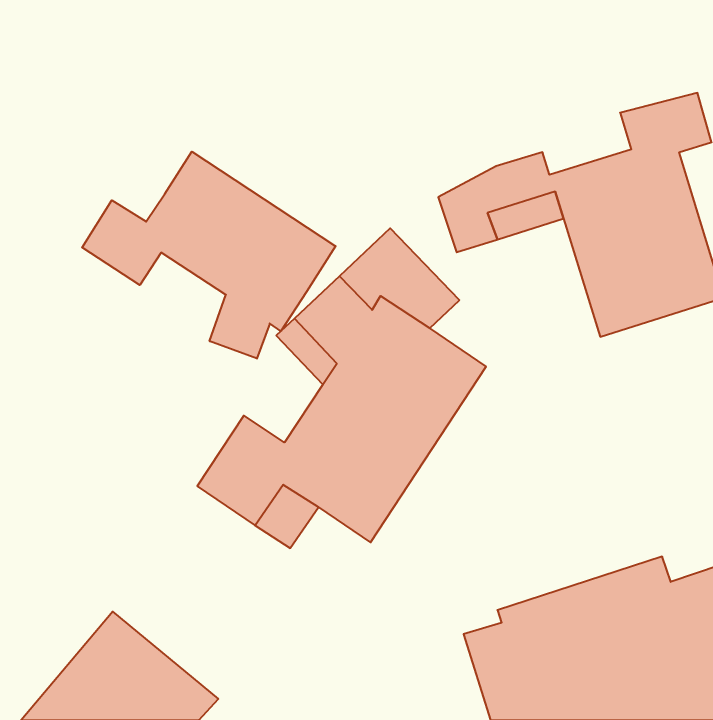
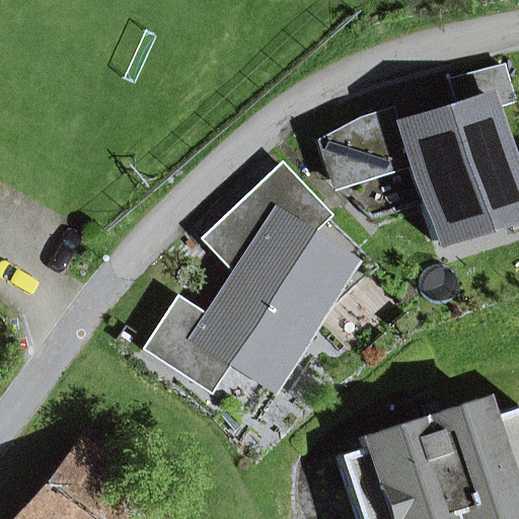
building: [82,152,336,359] -> none

